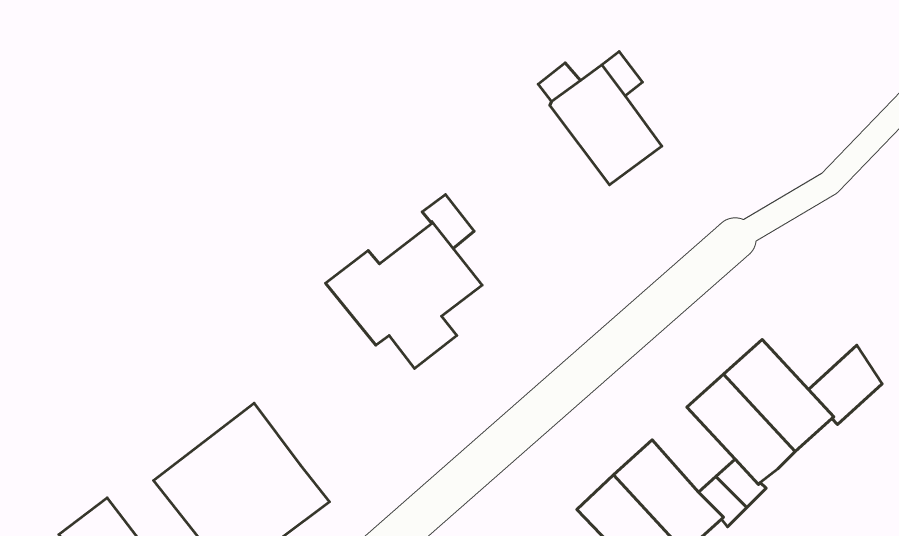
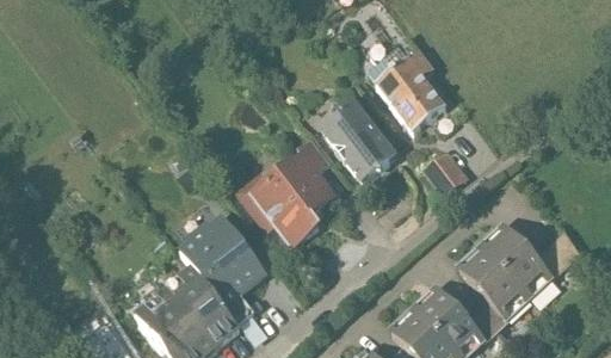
building: none -> [320,97,397,180]
building: none -> [424,149,468,193]
building: none -> [181,218,265,304]

